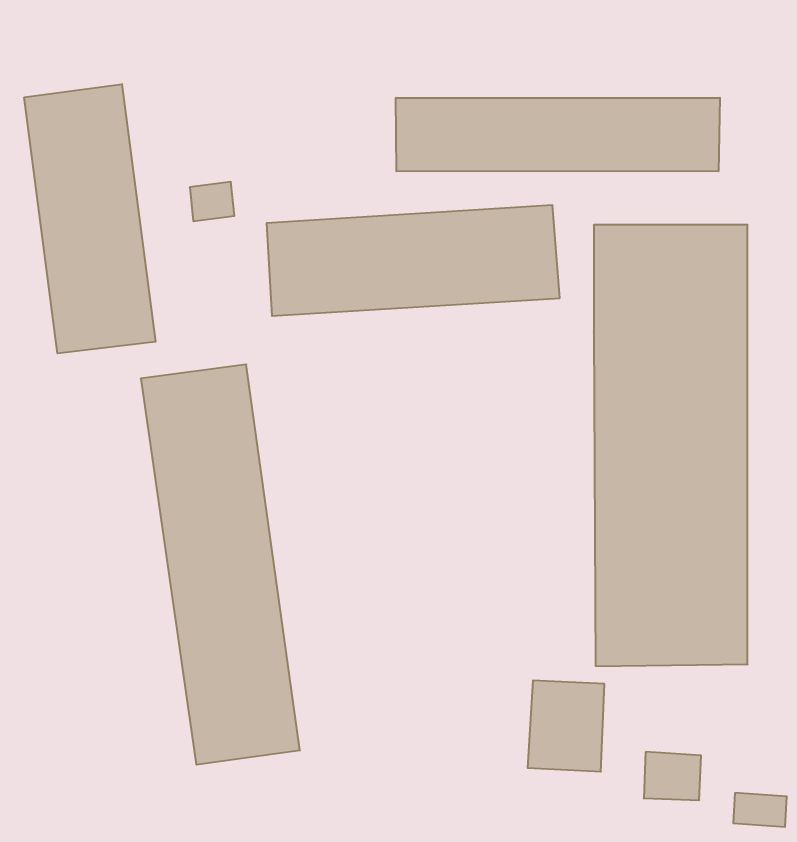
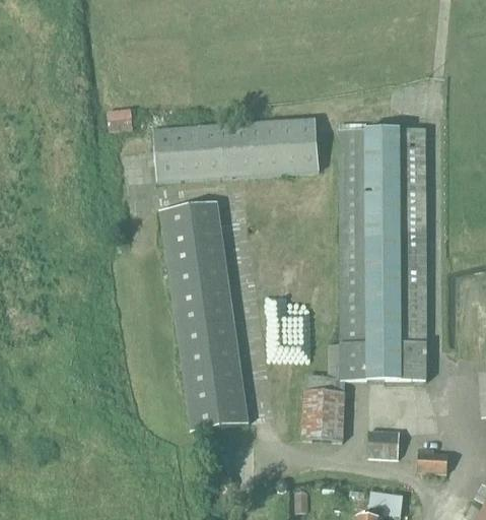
building: [24,84,156,353] -> none
building: [396,98,720,171] -> none
building: [141,364,300,765] -> [160,201,251,429]

